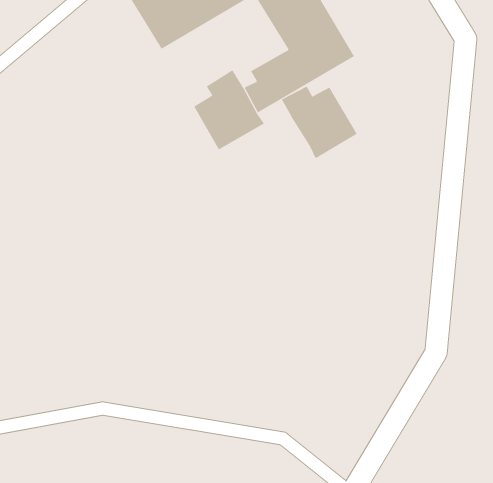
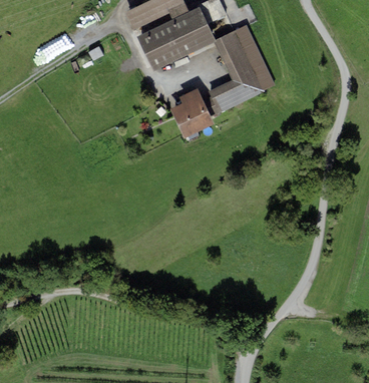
building: [281,86,358,159] -> none

